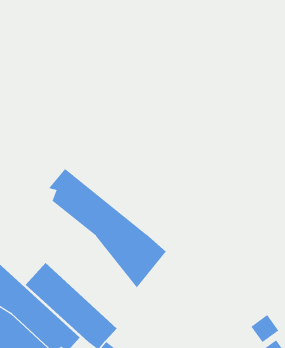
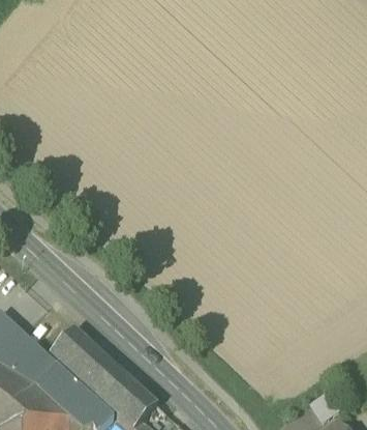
building: [48,168,167,288] -> none

